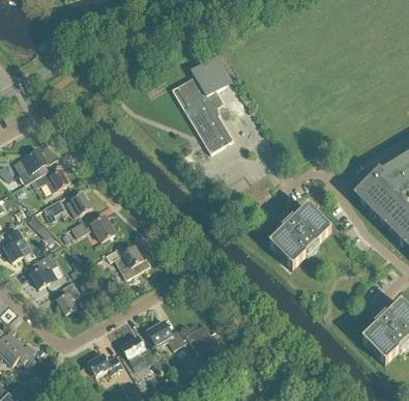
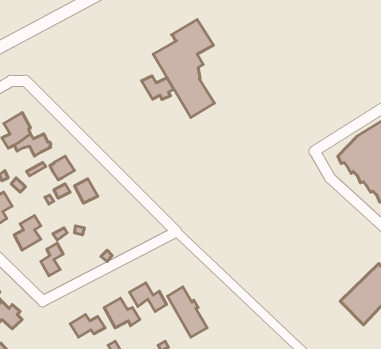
building: none -> [141,76,174,100]
building: [267,207,330,269] -> none
building: [106,247,150,280] -> none

